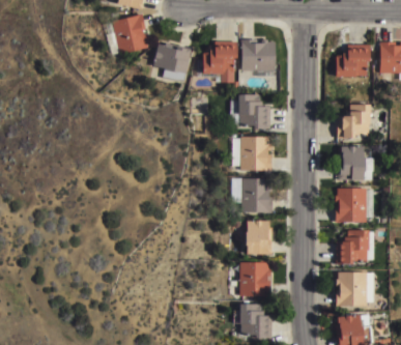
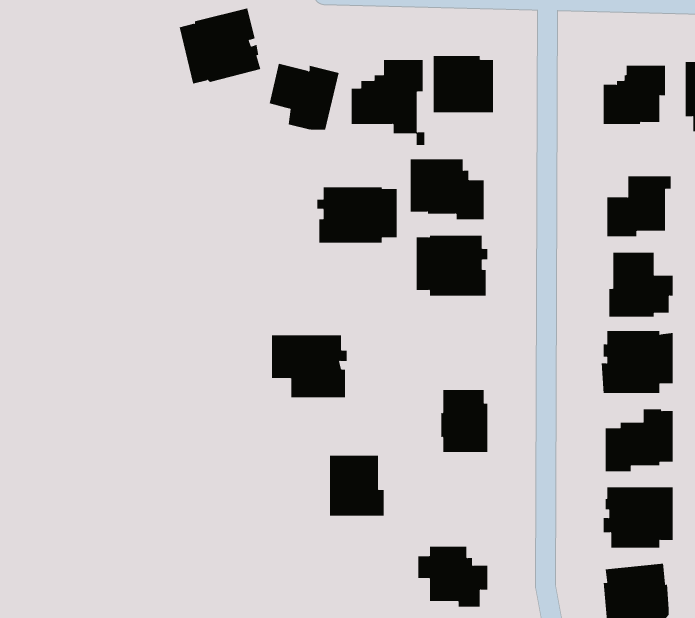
building: none -> [317,186,397,244]
building: [232,177,274,211] -> [271,335,348,398]
building: [240,262,270,295] -> [329,455,385,516]

